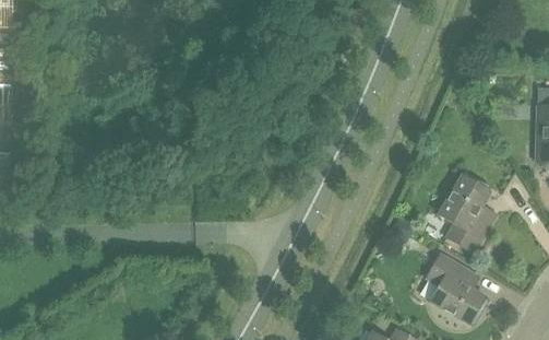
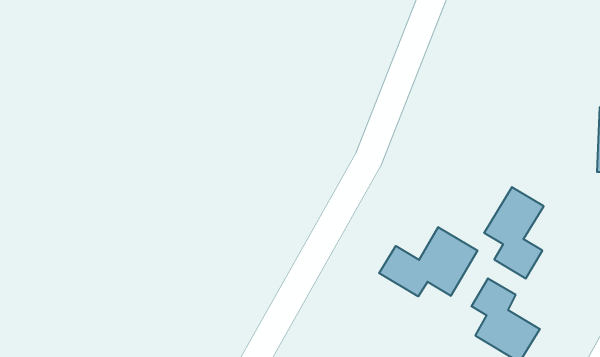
building: none -> [379,227,477,296]

